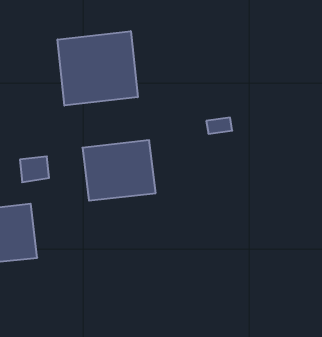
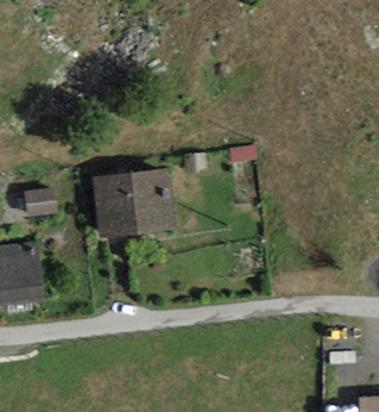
building: [58,31,138,106] -> none

